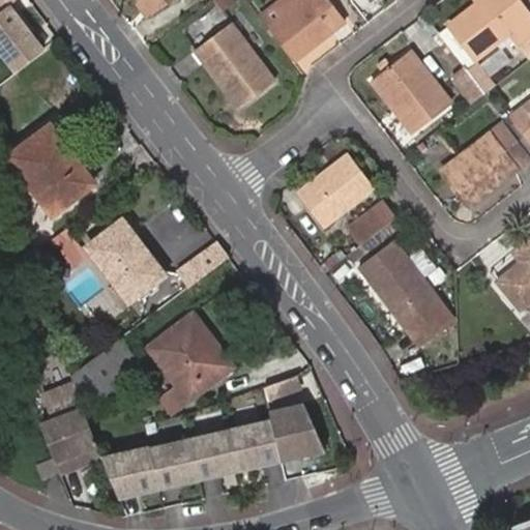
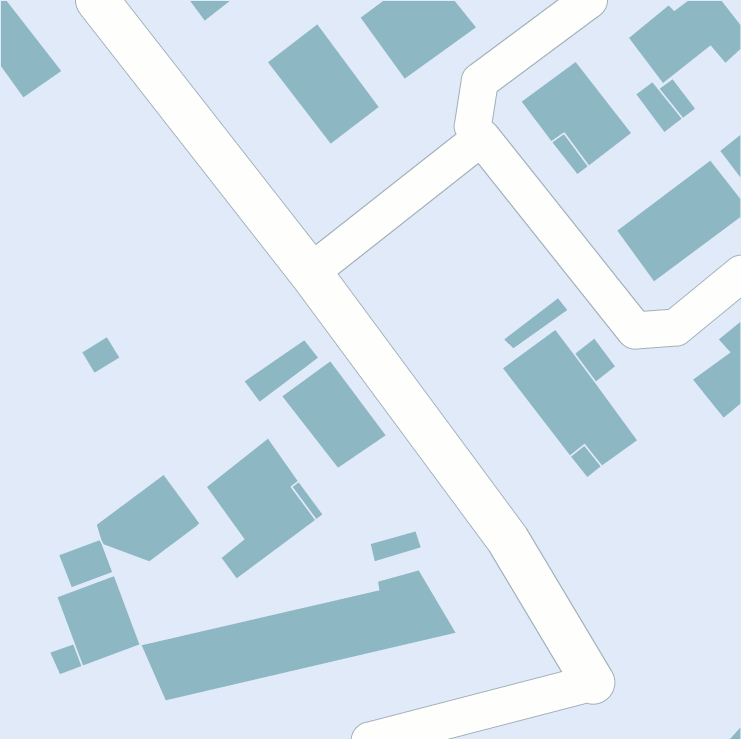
building: [8,127,92,215] -> none
building: [294,151,373,224] -> none
building: [346,197,398,243] -> none
building: [87,224,163,301] -> [281,360,387,469]

